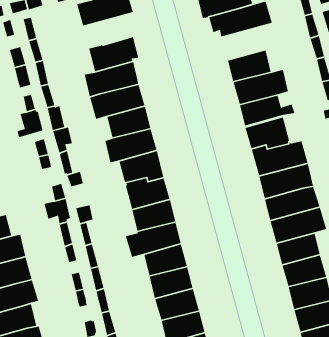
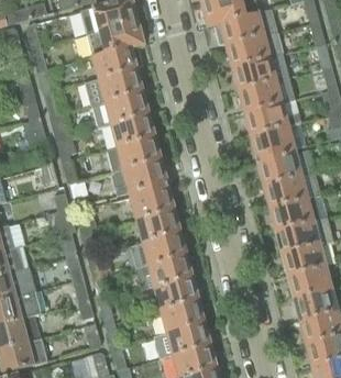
building: none -> [86,22,144,58]
building: none -> [226,33,284,70]

